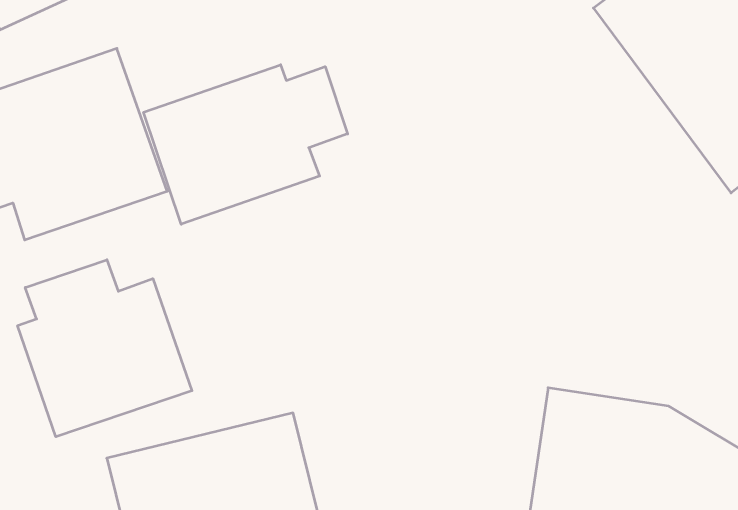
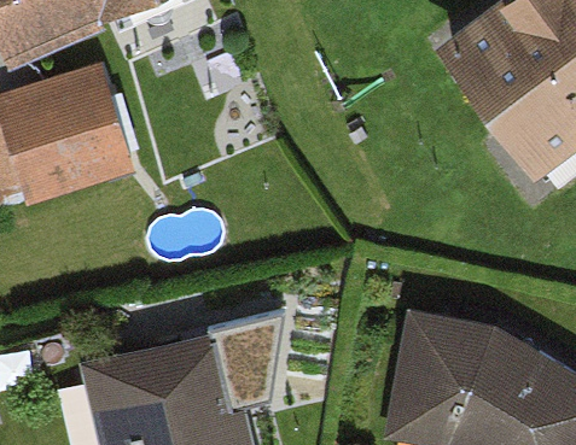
building: [144,65,348,224] -> none
building: [18,260,192,437] -> none

